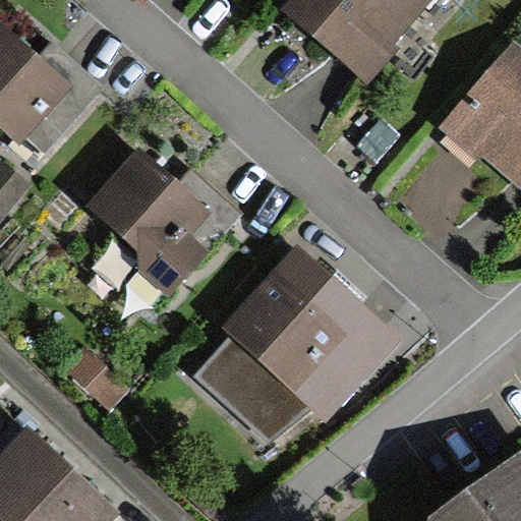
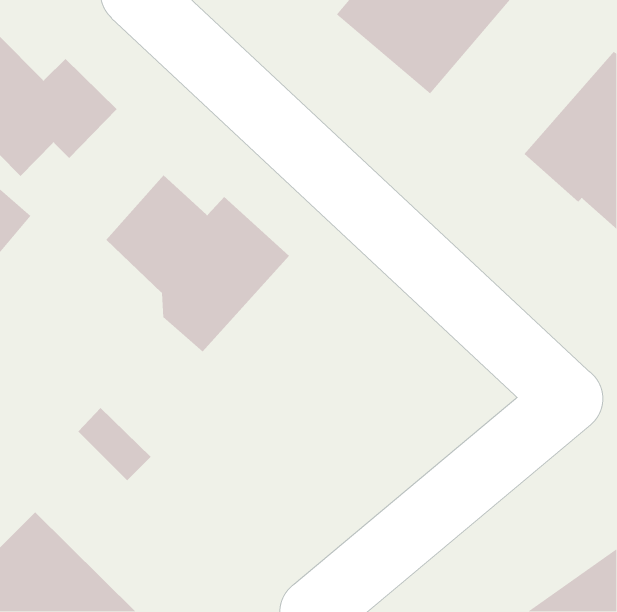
building: [198,250,396,440] -> none

